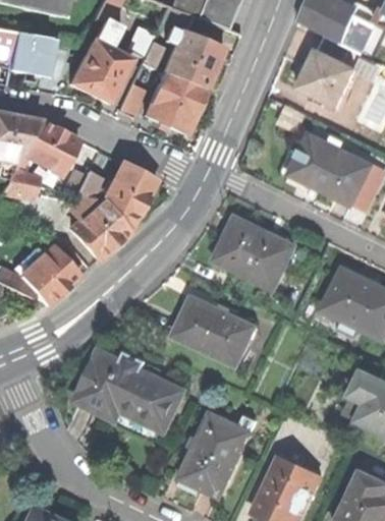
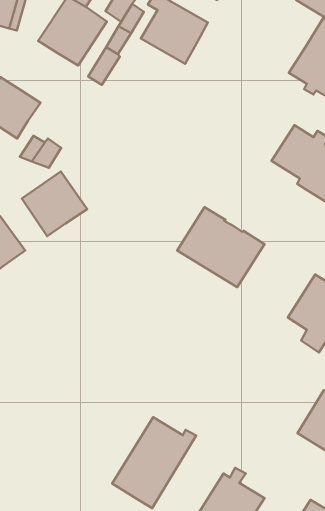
building: [144,71,205,132] -> none
building: [103,163,155,231] -> none
building: [174,297,255,366] -> none
building: [77,349,183,425] -> none

